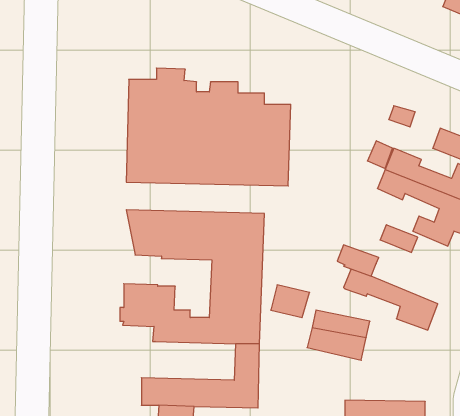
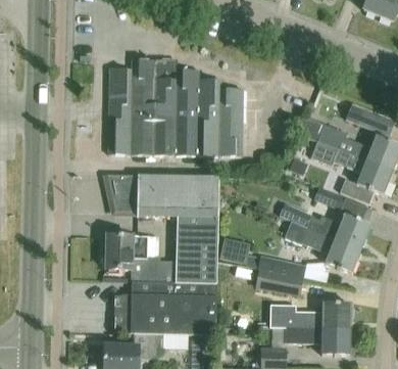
building: none -> [307,216,370,250]
building: none -> [120,281,197,313]
building: none -> [271,303,352,330]

